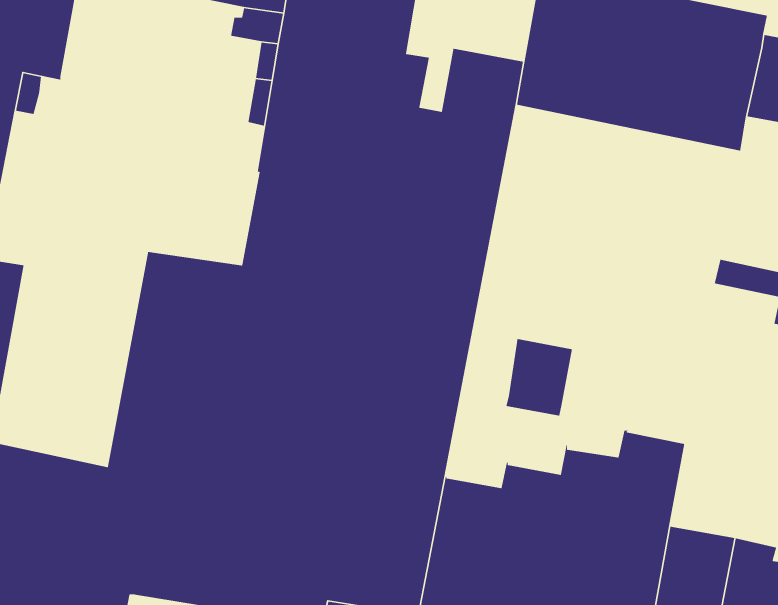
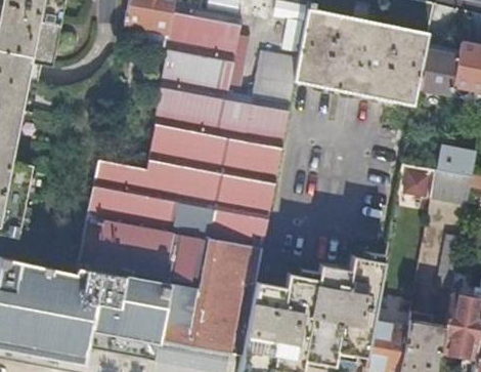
building: [505,338,573,417] -> none

